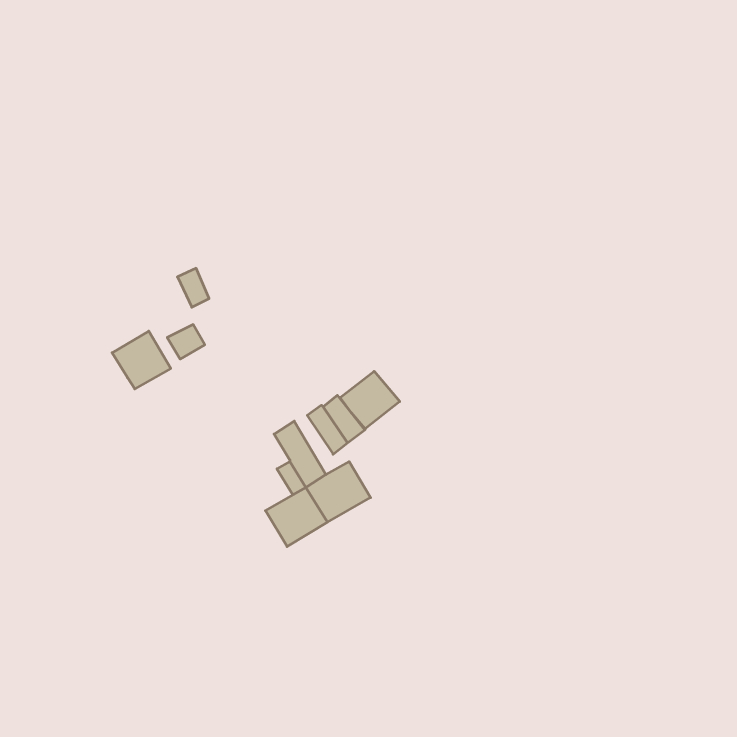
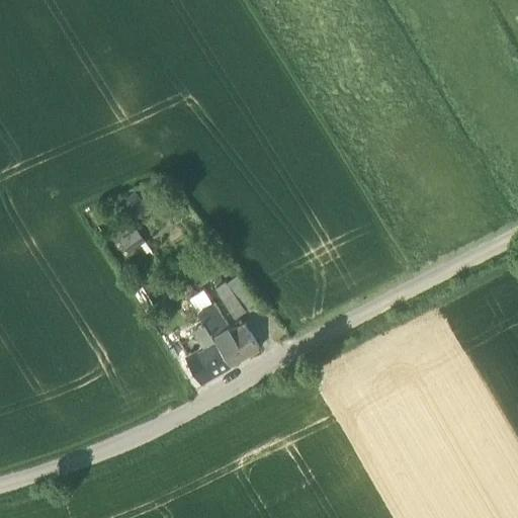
building: [112,331,171,389] -> none
building: [340,371,400,429] -> none

